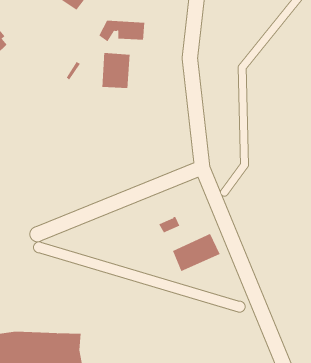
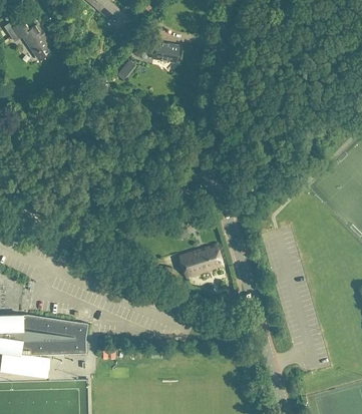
building: [102,52,130,89] -> none

